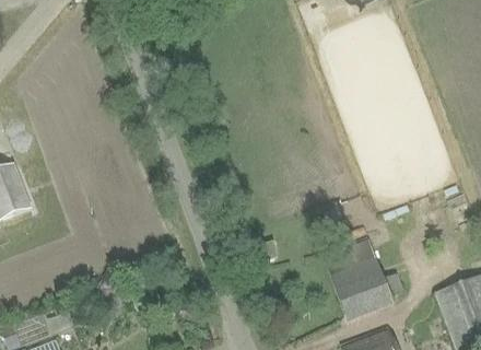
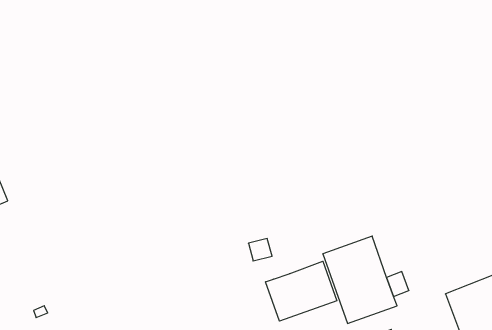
building: none -> [266,261,337,321]

